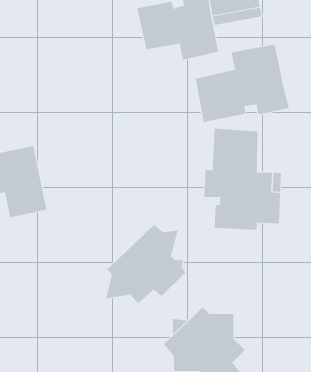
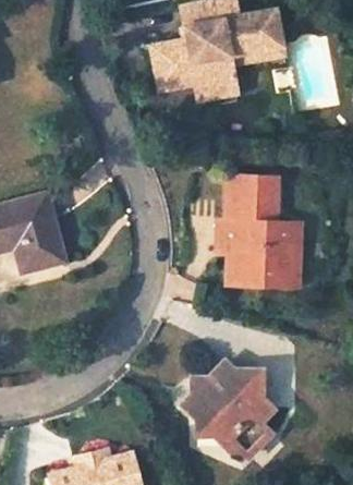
building: [195,44,289,123] -> none
building: [105,224,186,304] -> none

